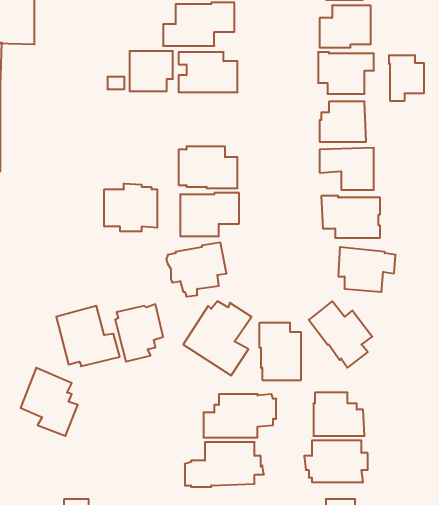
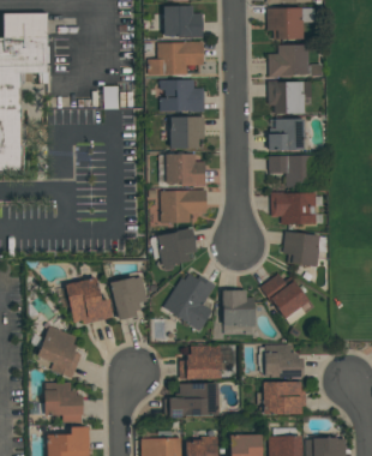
building: [130,51,173,91] -> [170,118,204,149]
building: [389,55,424,101] -> none
building: [104,183,157,231] -> none
building: none -> [44,382,83,422]

